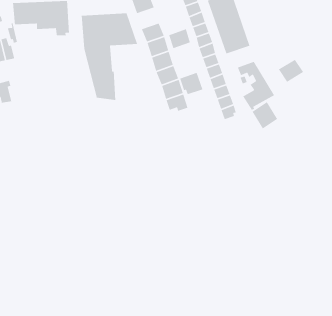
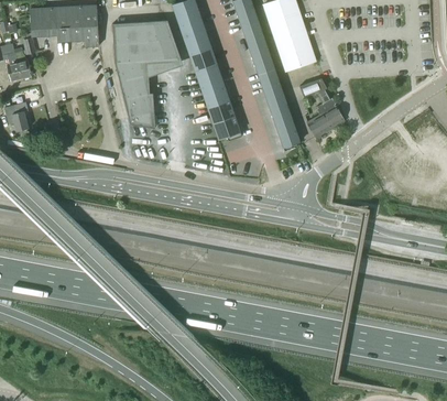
building: [168,28,191,49] -> [178,15,206,41]
building: [278,59,304,83] -> none
building: [179,72,203,95] -> none
building: [251,101,278,130] -> none

